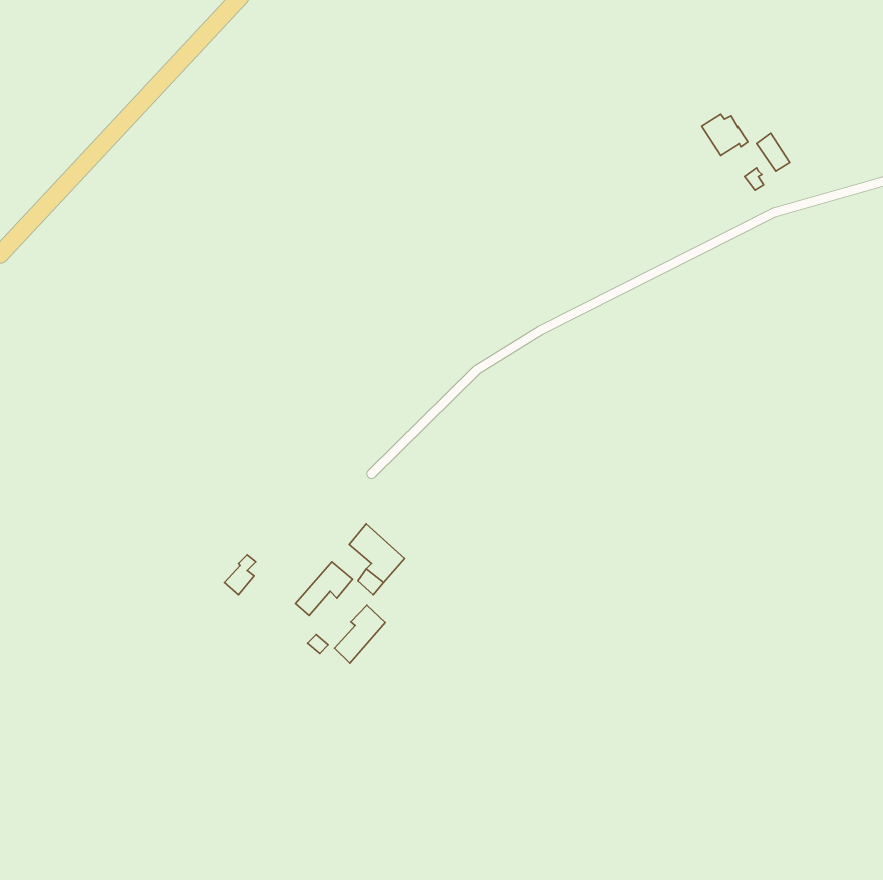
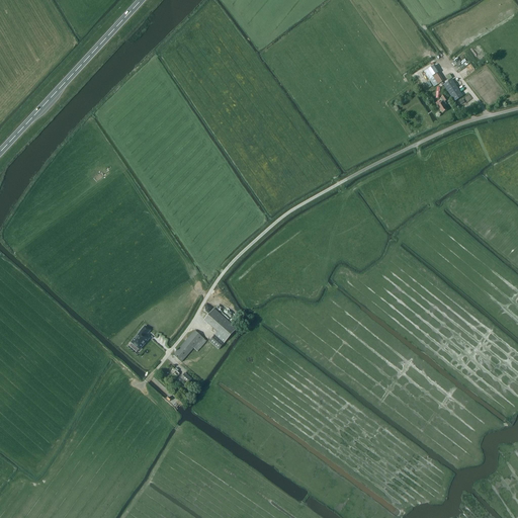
building: [334,605,385,663] -> none

